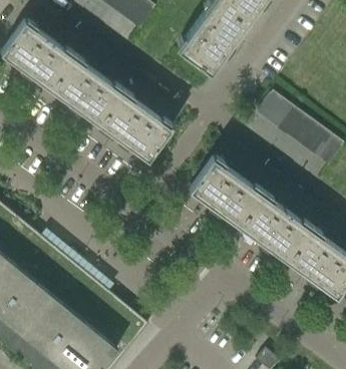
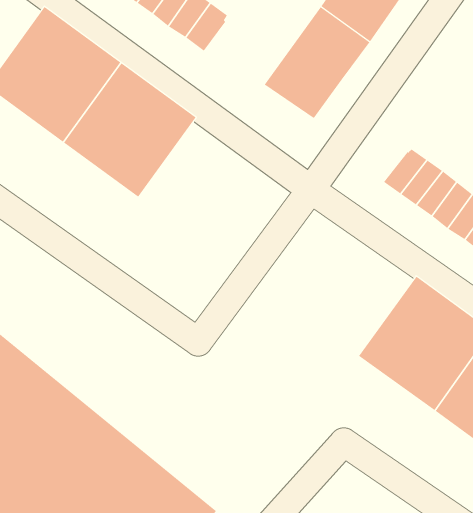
building: [97,76,184,163] -> none
building: [189,141,275,229] -> none

